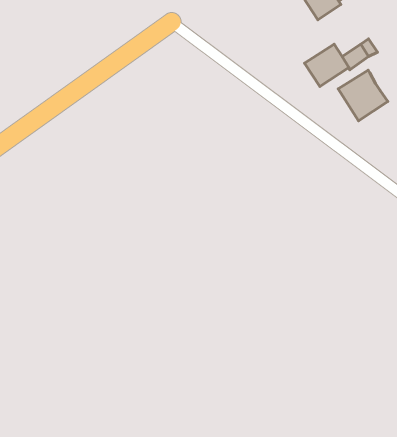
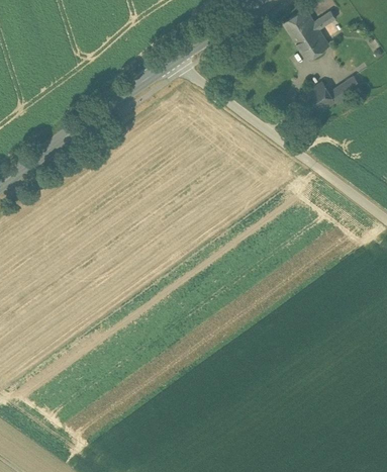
building: [338,70,388,121] -> none

